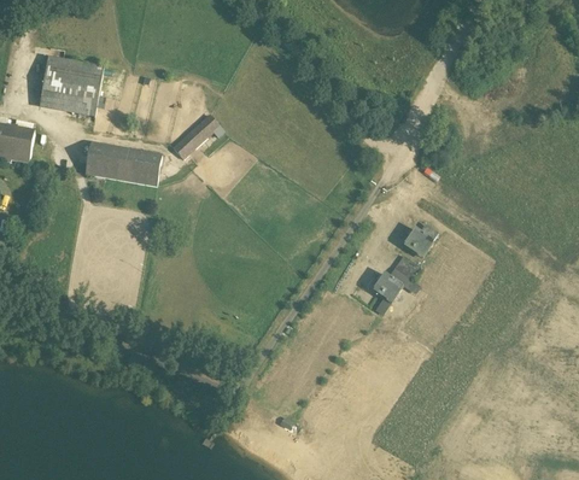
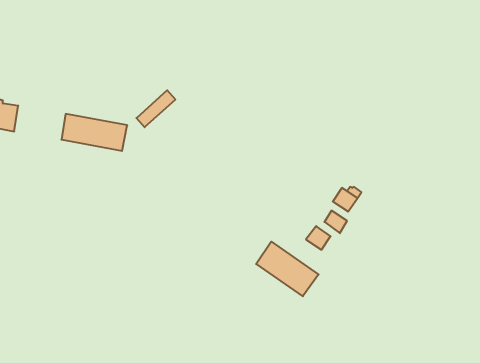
building: [40,57,104,107] -> none
building: none -> [256,242,319,296]

